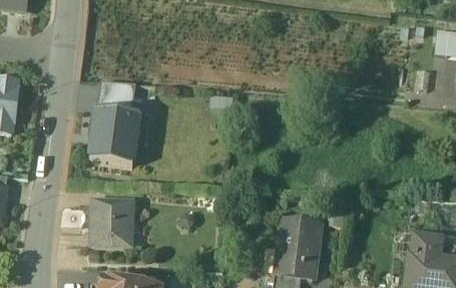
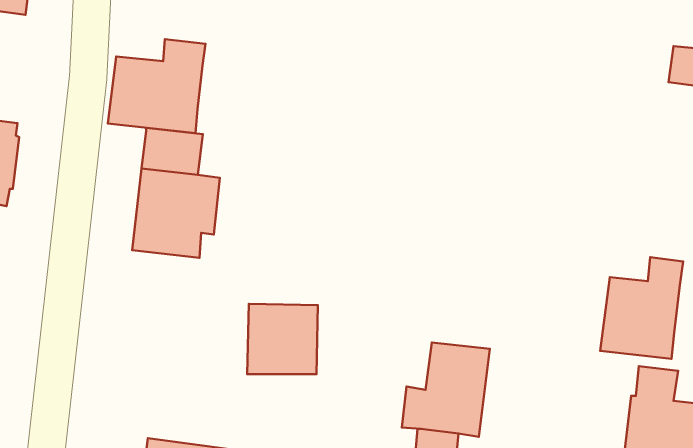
building: none -> [108,39,206,133]
building: none -> [600,257,683,359]
building: [89,201,134,246] -> [247,304,318,374]

